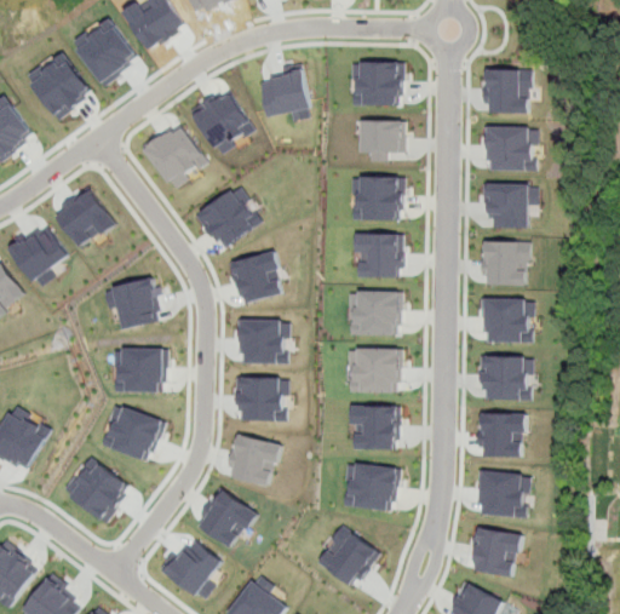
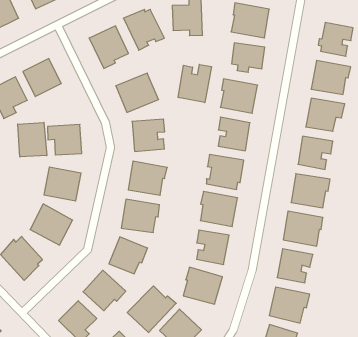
building: none -> [178,64,211,103]
building: none -> [18,122,47,157]
building: none -> [127,286,176,333]

